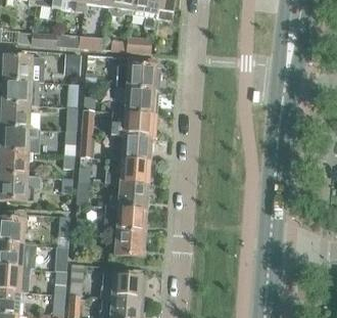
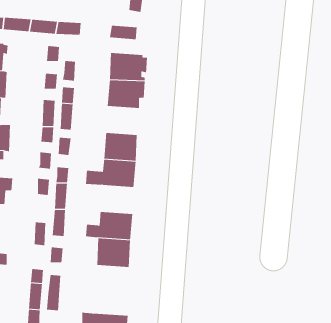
building: [110,110,156,137] -> none
building: [109,182,148,208] -> none
building: [100,271,145,299] -> none

